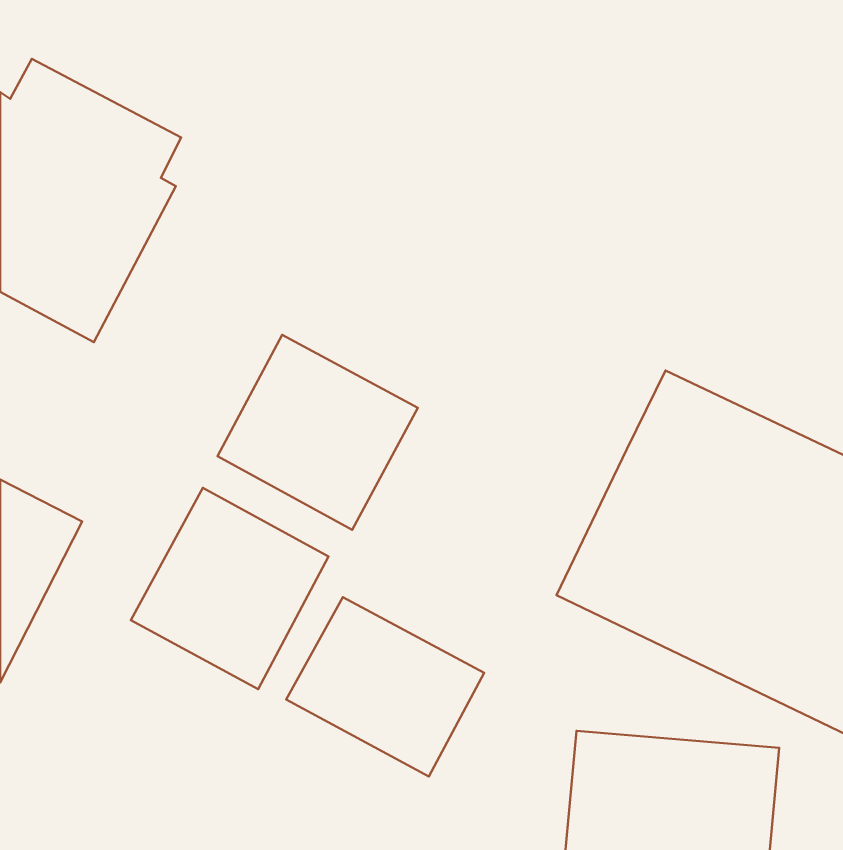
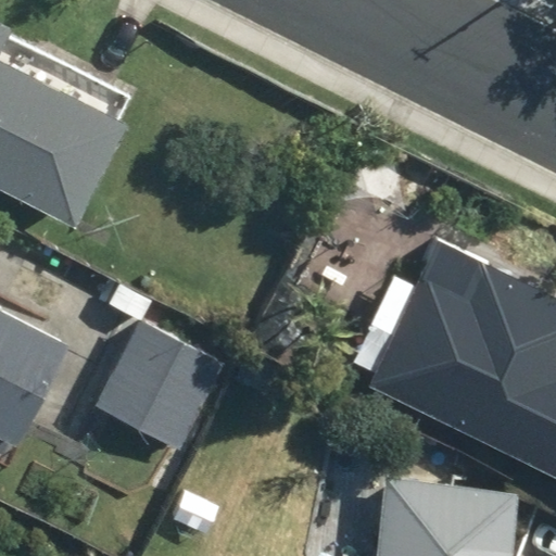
building: [218,335,418,530] -> none
building: [286,597,484,777] -> none

